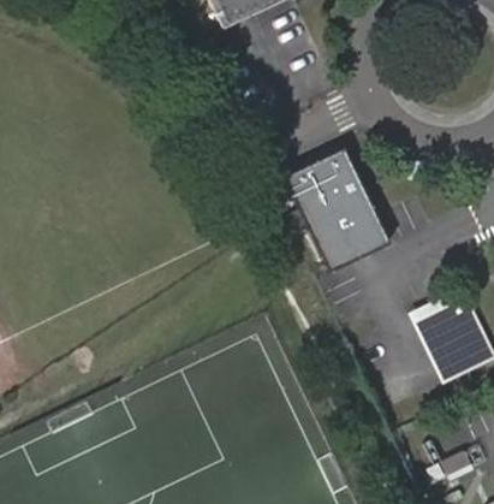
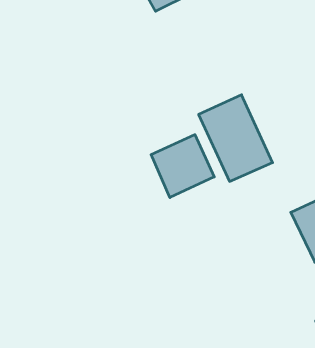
building: none -> [151,135,214,198]

